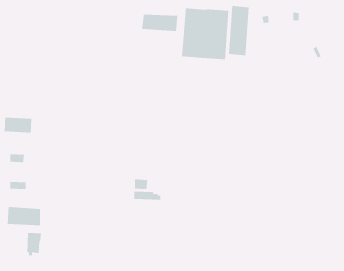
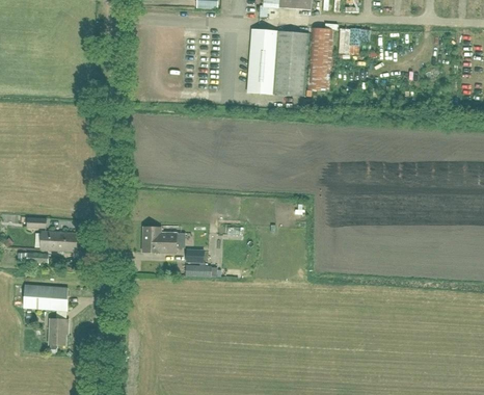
building: [141,14,178,32] -> none
building: [4,117,32,133] -> [39,230,76,251]
building: none -> [142,226,185,252]

